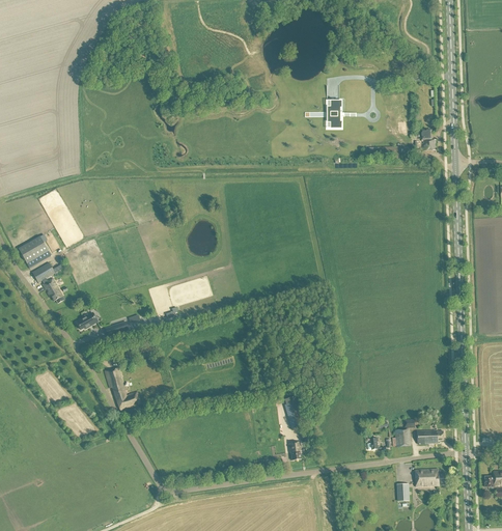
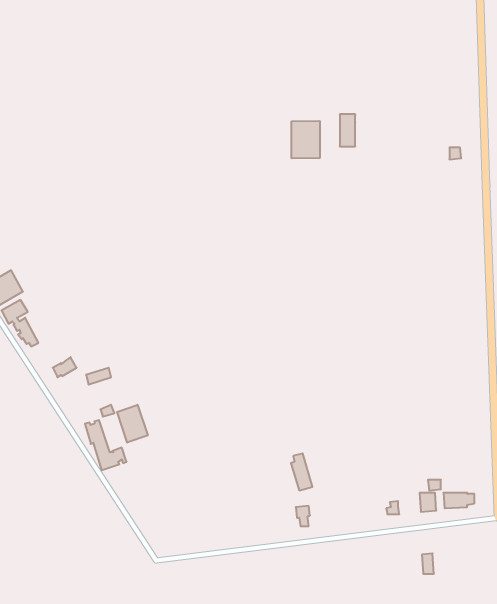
building: none -> [292,121,320,158]
building: none -> [117,405,148,443]
building: [415,468,446,485] -> none

